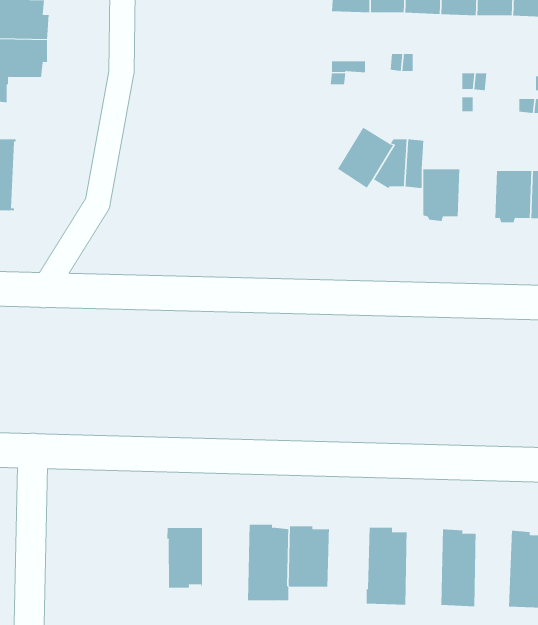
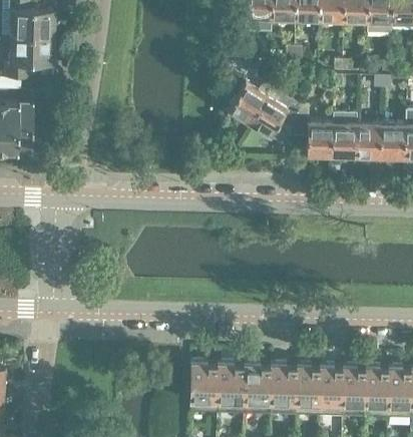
building: none -> [229,82,268,124]
building: none -> [332,124,357,157]
building: none -> [245,363,272,405]
building: [167,527,202,589] -> none
building: none -> [297,365,321,416]
building: none -> [343,366,367,417]

